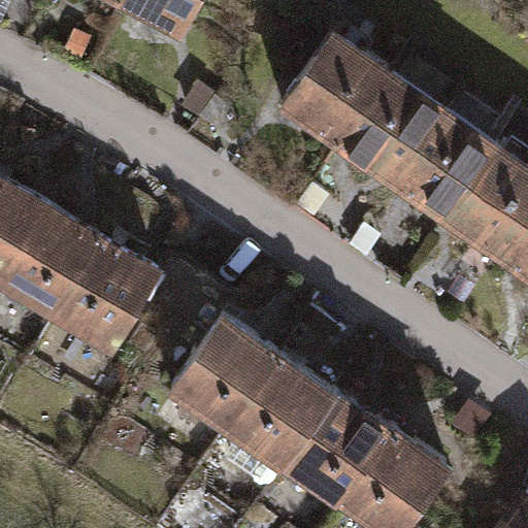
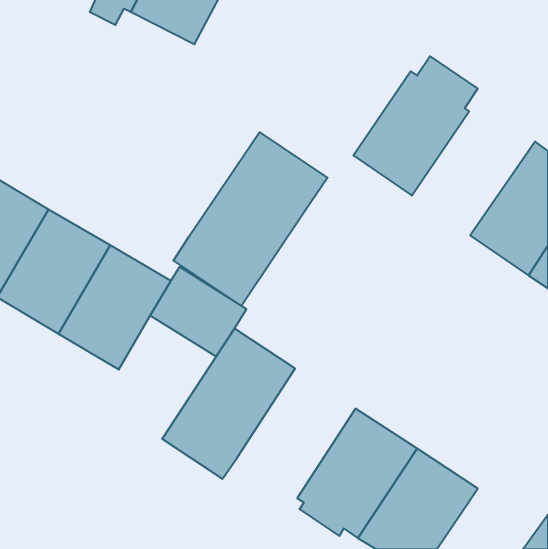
building: [282,30,392,148] -> none
building: [393,93,510,225] -> none
building: none -> [173,132,328,306]
building: [226,352,339,475] -> none

